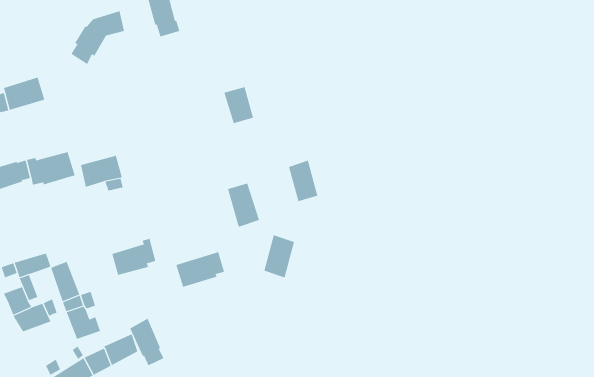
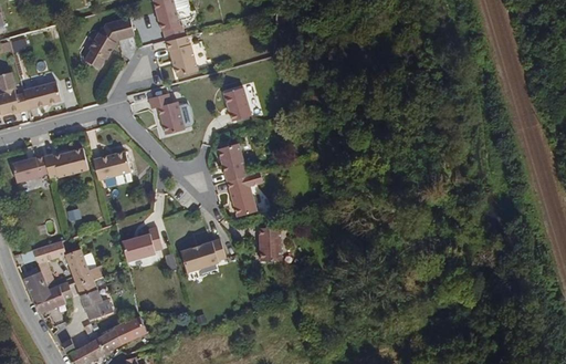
building: none -> [166,37,197,77]
building: none -> [149,93,186,136]
building: [288,160,318,202] -> [219,143,247,181]
building: [130,318,164,366] -> none

